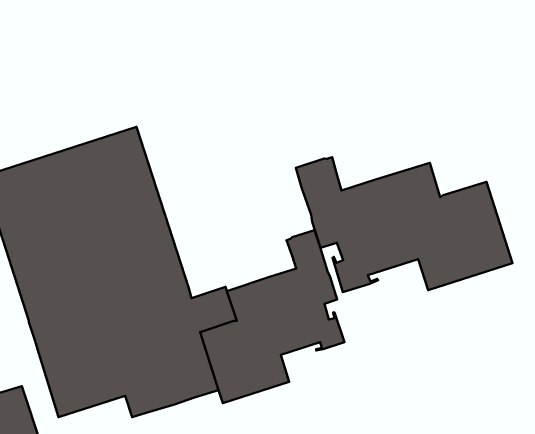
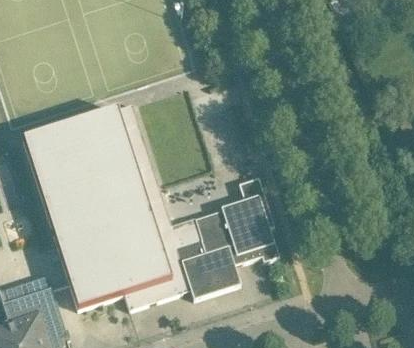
building: [296,157,512,292] -> none

